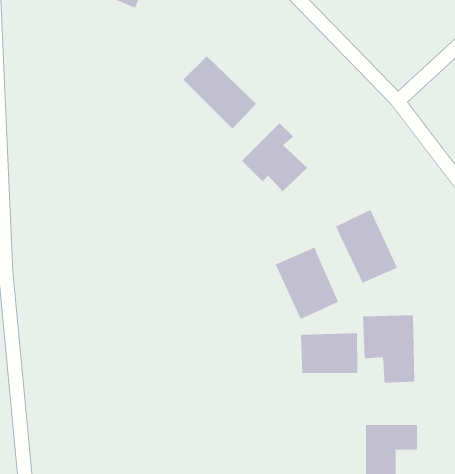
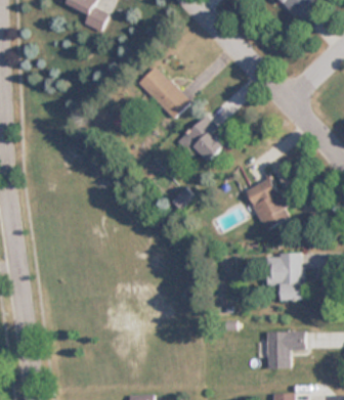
building: [275,247,339,320] -> none
building: [301,333,358,374] -> none

